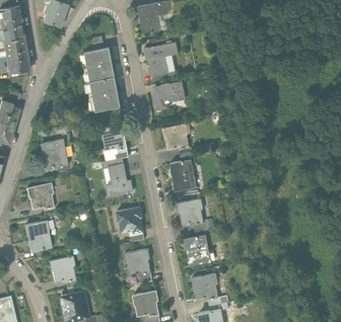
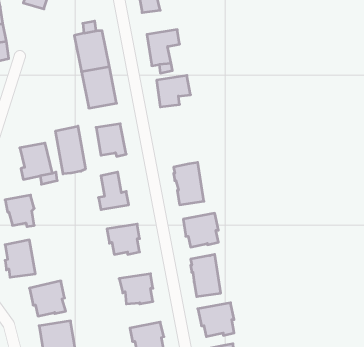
building: [159,122,190,150] -> none
building: none -> [56,126,85,174]

